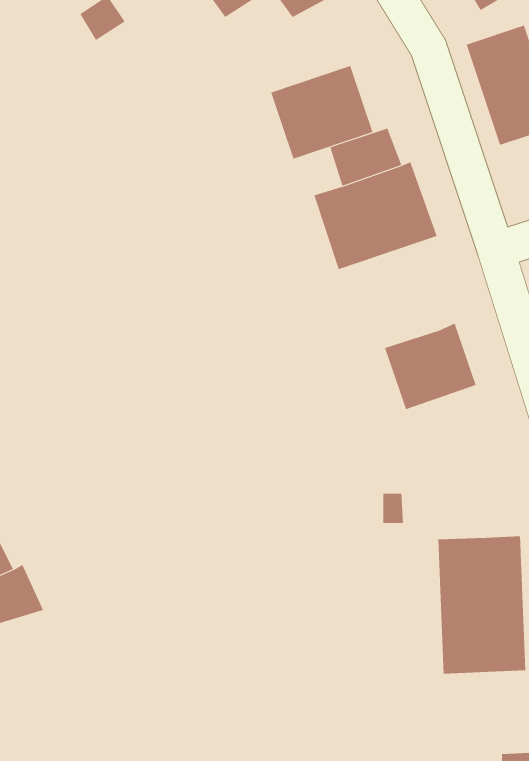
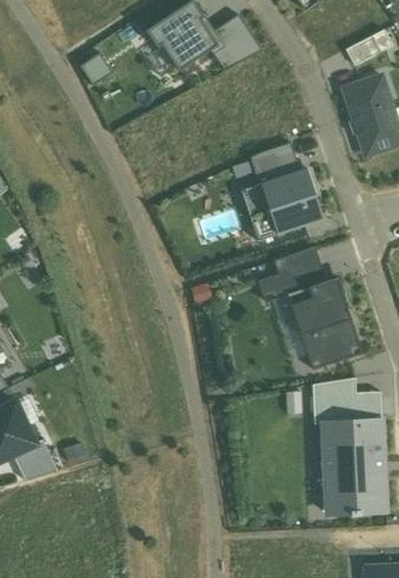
building: [270,65,373,160] -> none
building: none -> [256,247,324,301]
building: none -> [301,318,361,368]
building: none -> [312,377,376,422]

